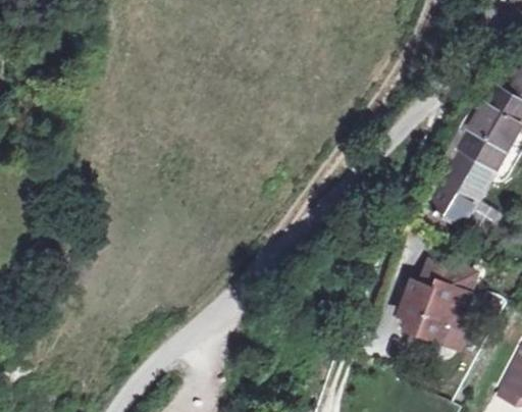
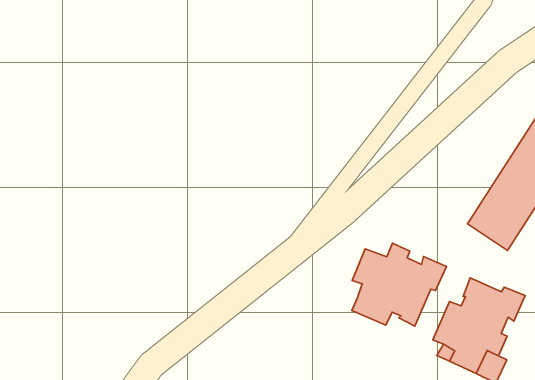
building: none -> [352,243,446,326]

